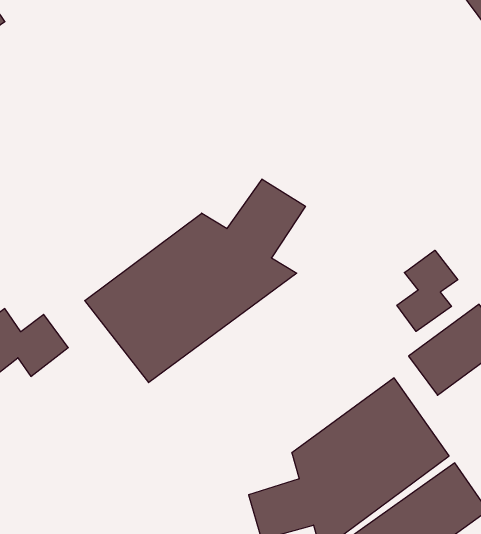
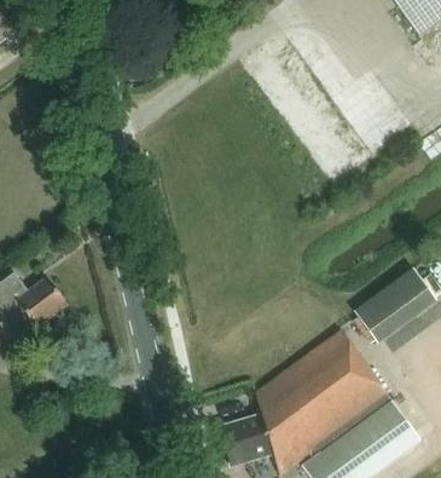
building: [85,179,305,383] -> none
building: [397,250,458,331] -> none

